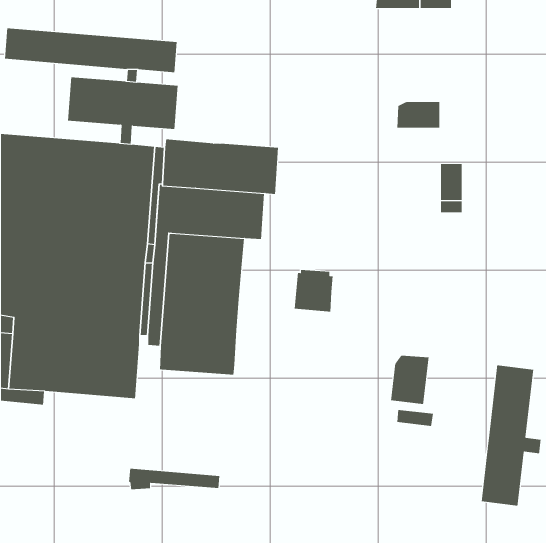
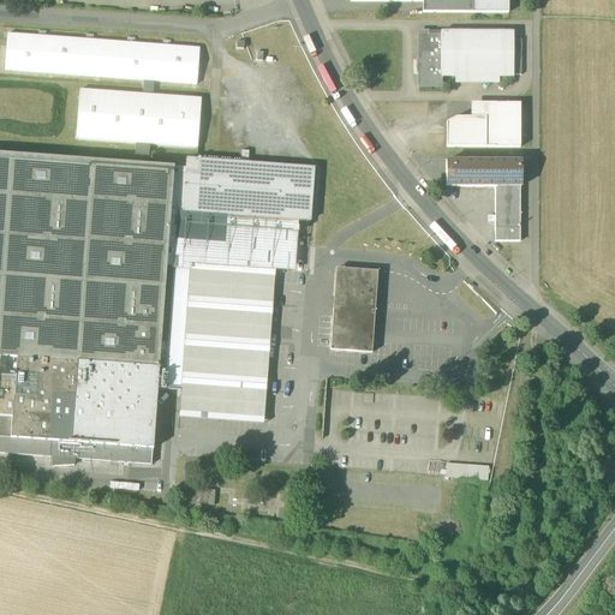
building: none -> [418,29,513,84]
building: none -> [495,101,520,144]
building: none -> [446,159,521,184]
building: none -> [334,265,378,310]
building: [391,355,429,405] -> none
building: [481,365,541,506] -> none
building: [128,468,220,490] -> [49,440,153,464]

